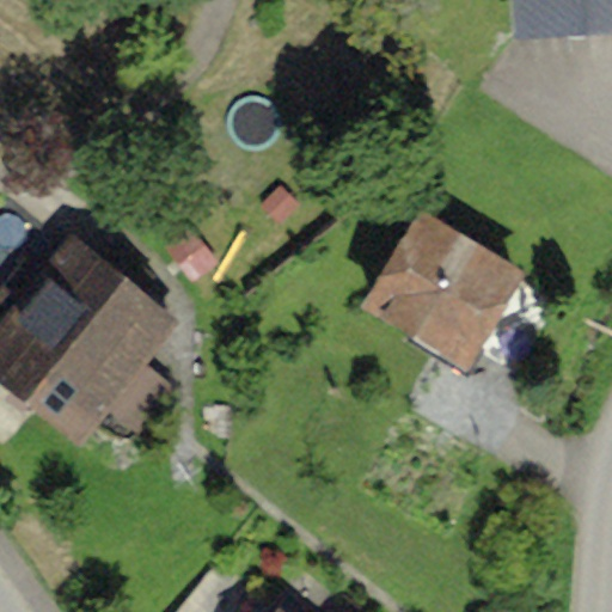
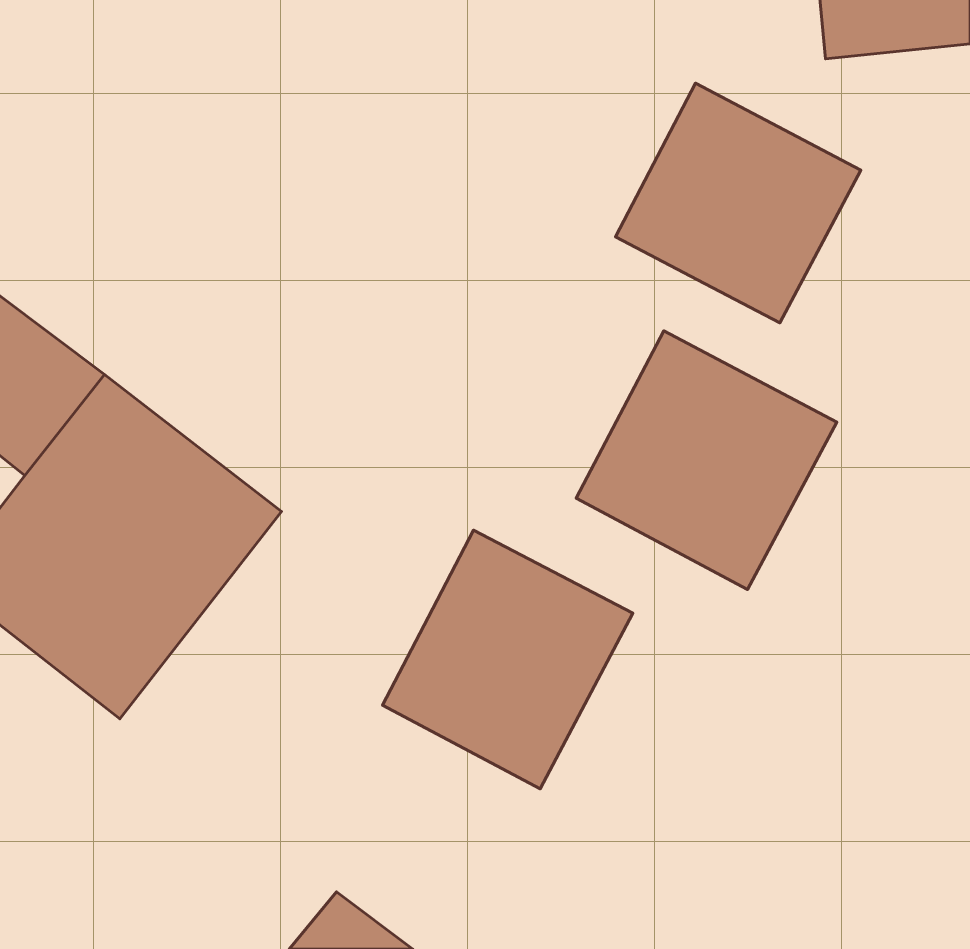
building: none -> [615,83,861,323]
building: none -> [382,530,633,789]

